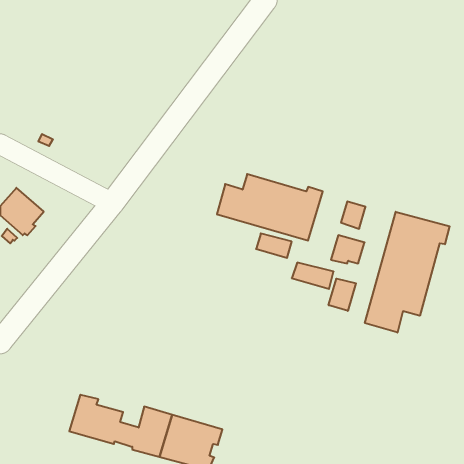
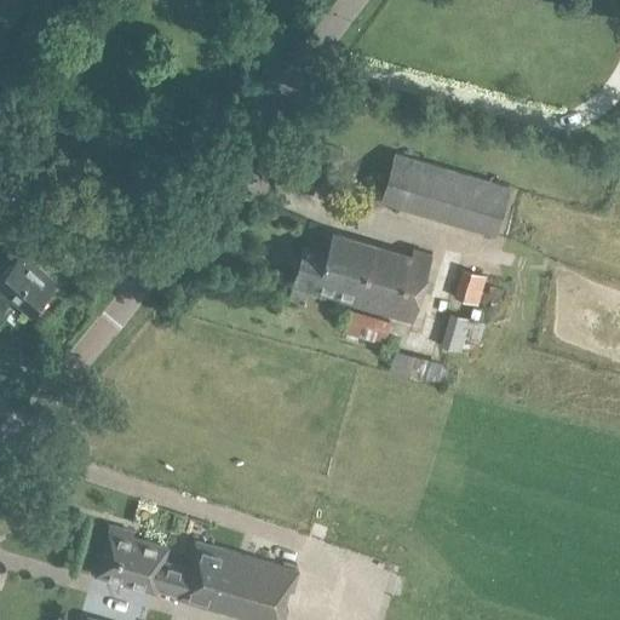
building: none -> [379,154,509,237]
building: [365,212,450,333] -> none
building: [329,279,356,311] -> none

